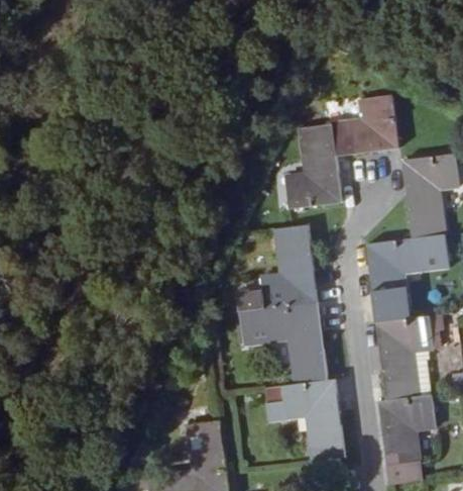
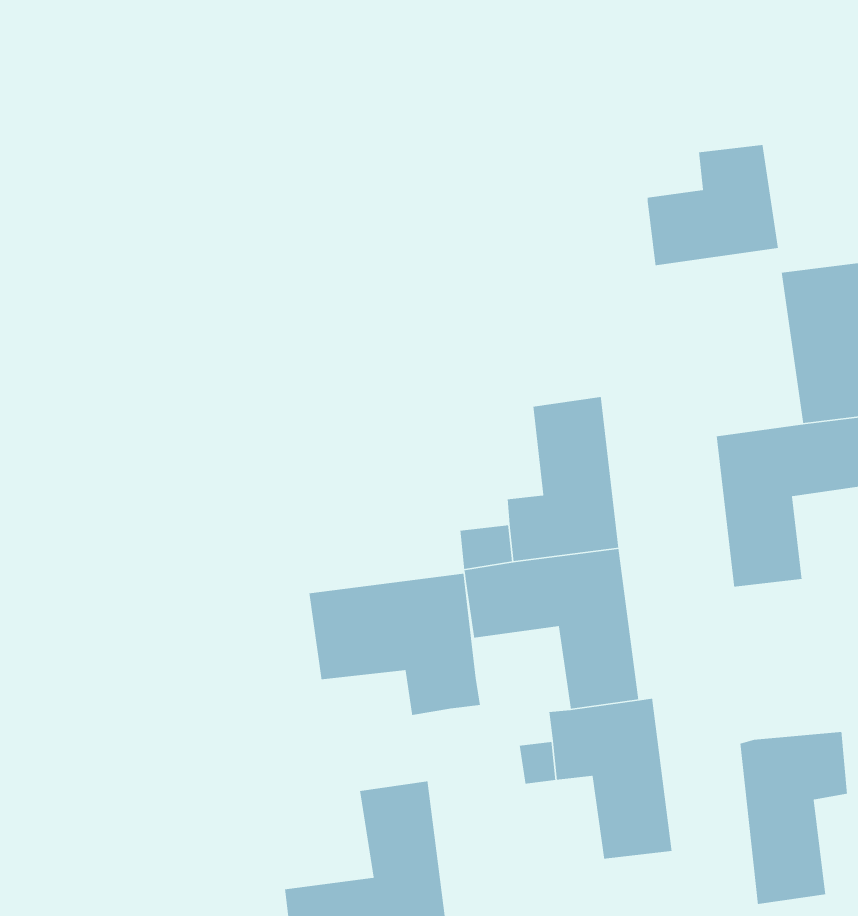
building: [283,124,342,210] -> none
building: none -> [309,573,481,716]
building: [376,316,434,400] -> none

